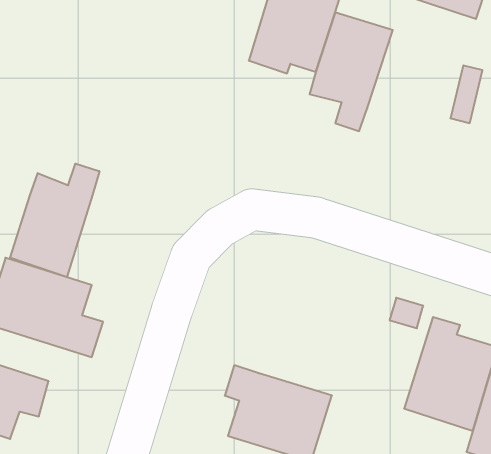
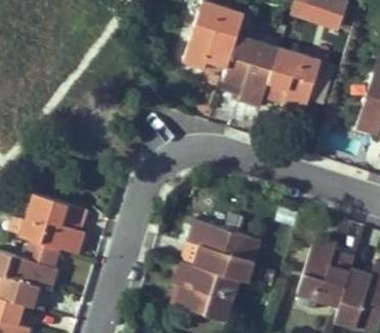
building: none -> [265,46,326,123]
building: [10,164,99,277] -> none
building: none -> [188,217,262,283]

